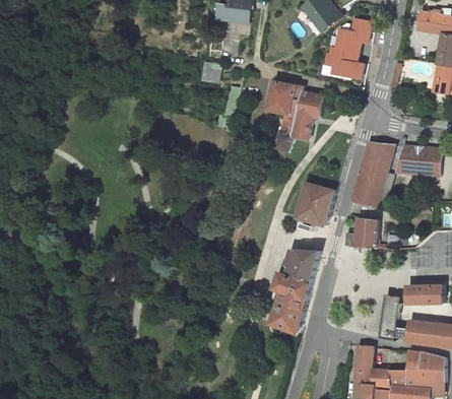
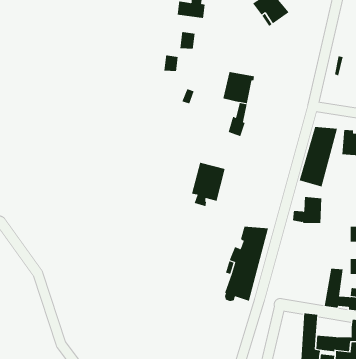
building: [321,18,372,81] -> none
building: [290,91,322,139] -> none
building: [297,183,334,231] -> [191,162,226,207]

